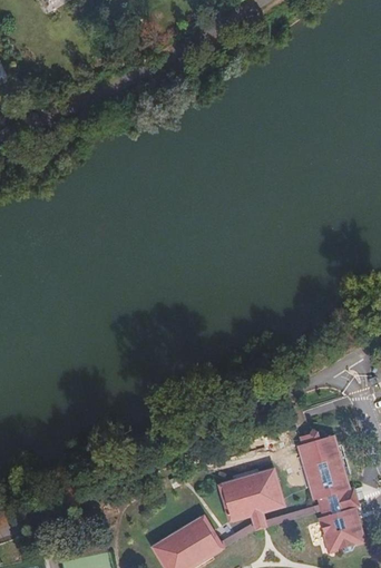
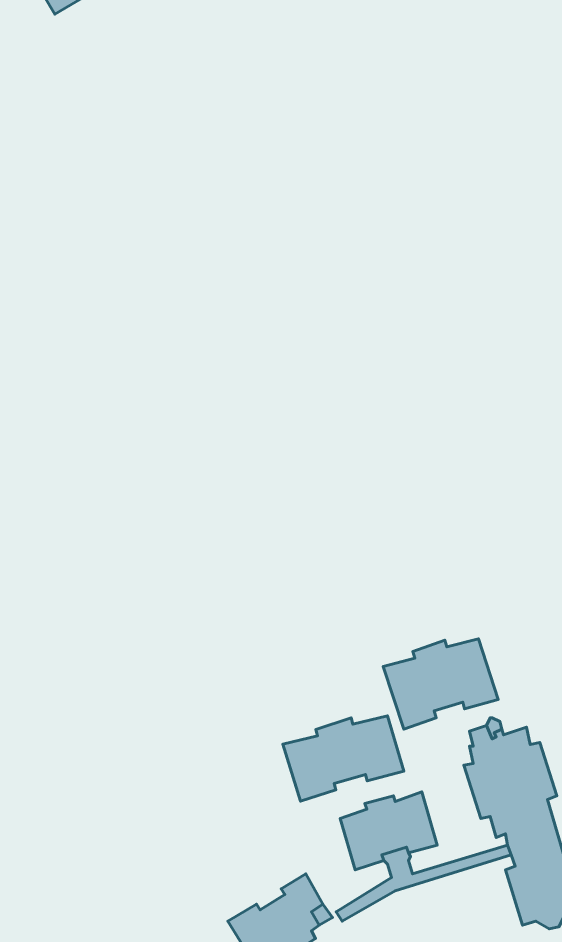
building: none -> [383,639,498,729]
building: none -> [283,716,404,801]

